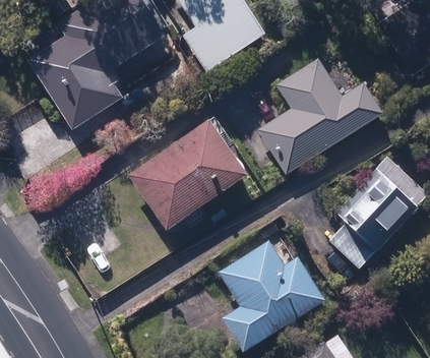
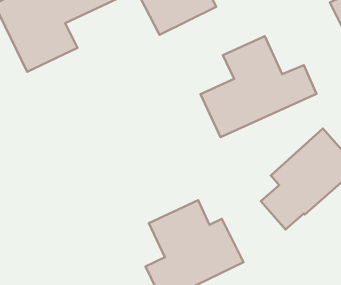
building: [128,120,246,232] -> none

